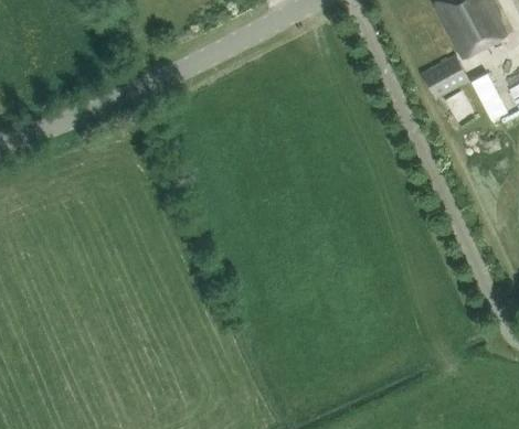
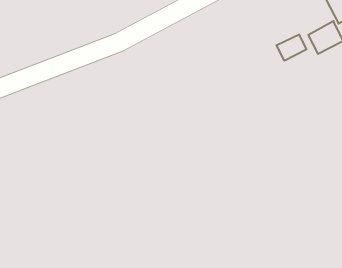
building: none -> [276,34,307,61]

